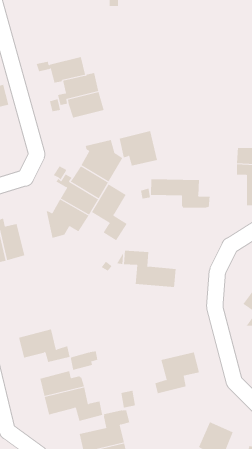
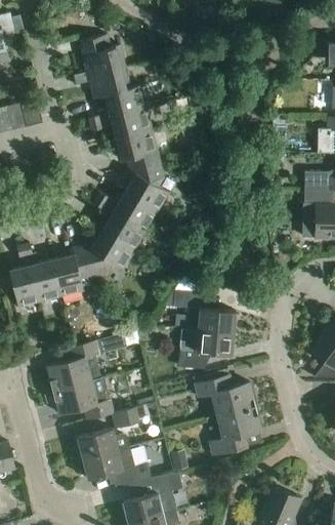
building: none -> [79,35,125,77]
building: [119,131,158,166] -> [115,129,160,170]
building: [150,179,210,208] -> none
building: [91,184,128,241] -> none
building: none -> [51,245,91,296]
building: none -> [178,329,233,369]
building: none -> [46,334,126,391]
building: none -> [195,375,255,416]

